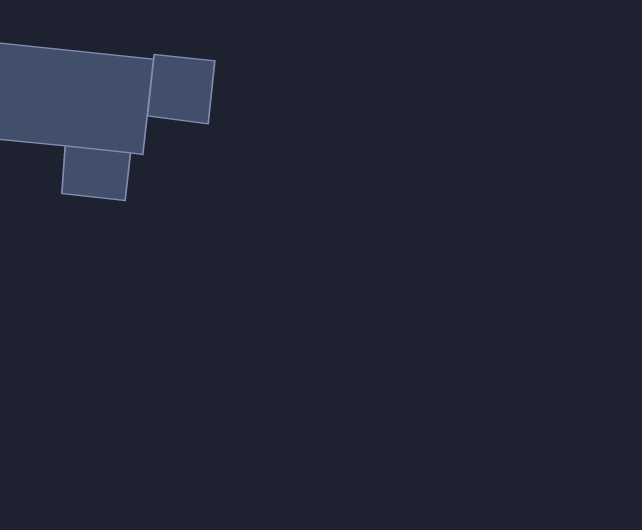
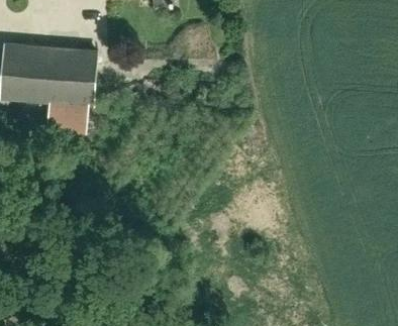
building: [148,55,215,124] -> none

